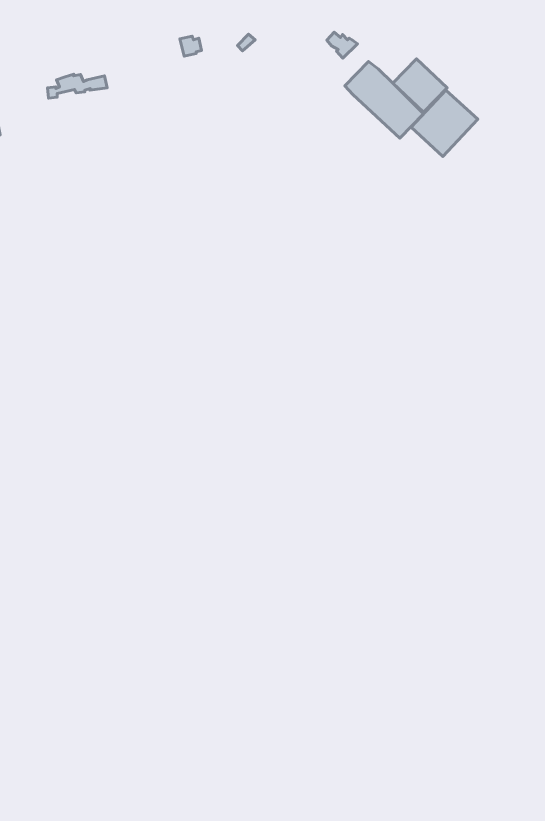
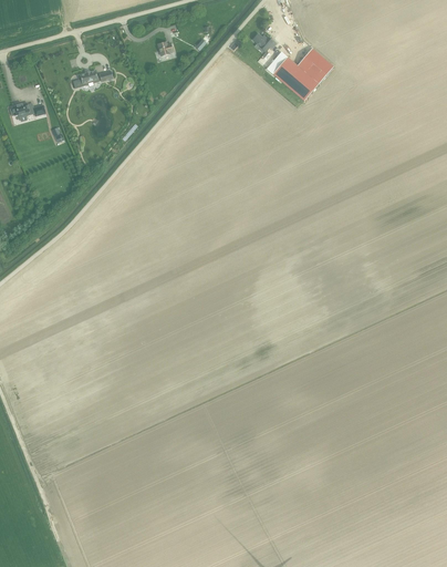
building: [411,90,478,156] -> none

